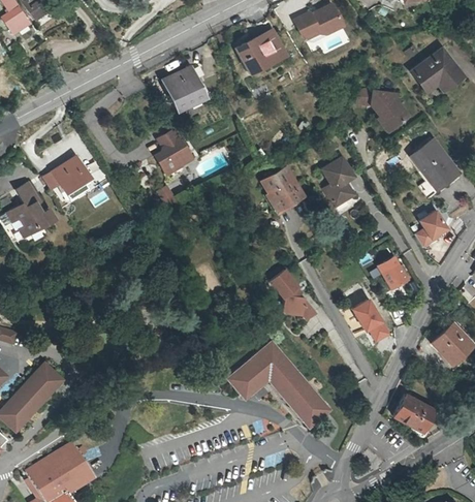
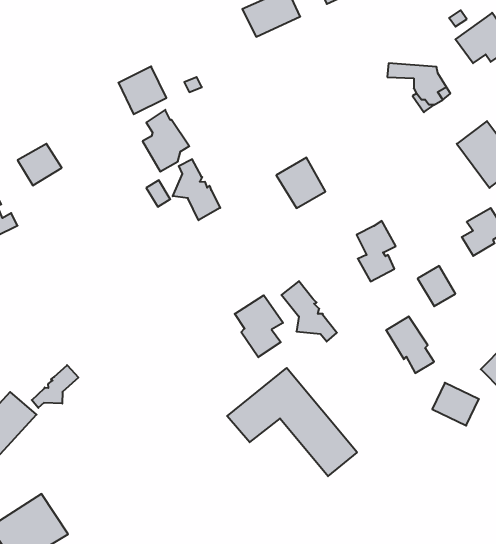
building: [165,67,204,106] -> [118,66,166,114]
building: [320,158,352,208] -> [357,221,396,281]
building: none -> [173,159,220,220]
building: none -> [235,295,283,357]
building: none -> [32,365,78,408]
building: [398,395,436,430] -> [432,383,479,426]

